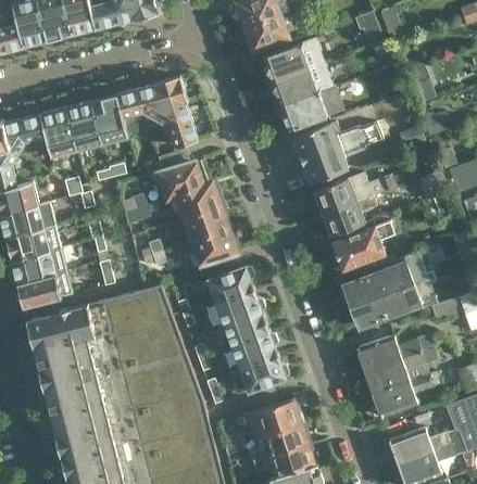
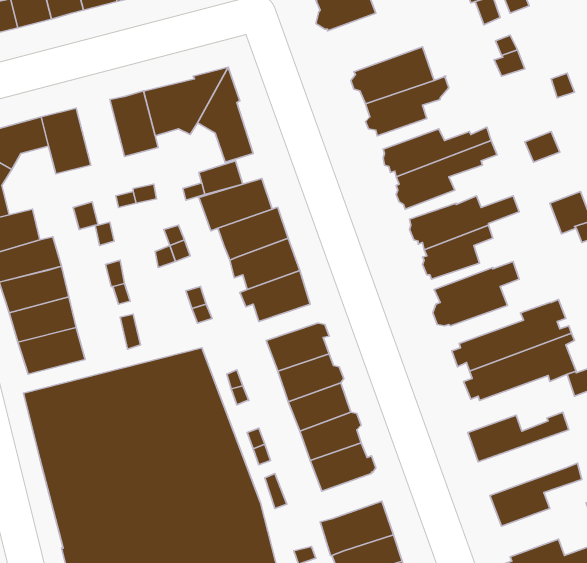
building: [262,37,322,80] -> none
building: [64,101,100,150] -> none
building: [363,346,435,395] -> none

